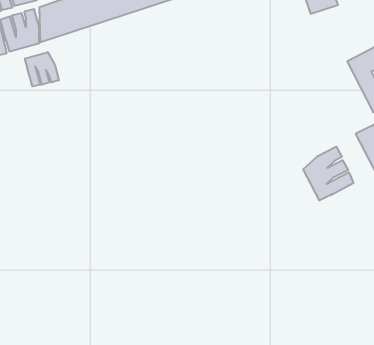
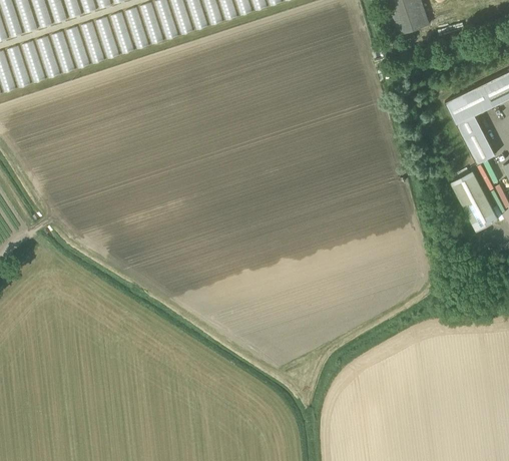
building: [25,52,59,86] -> none
building: [303,147,354,200] -> none

